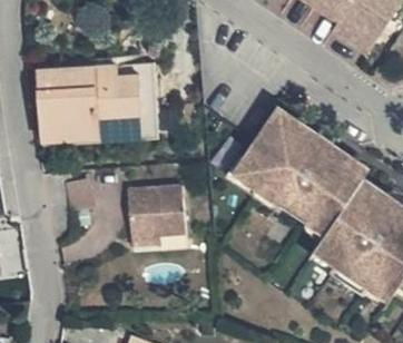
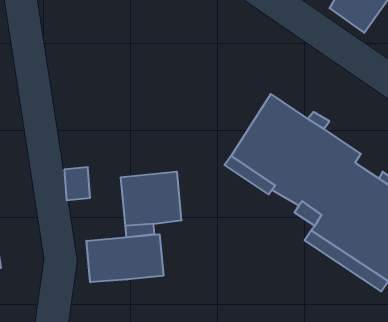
building: [49,59,176,143] -> none
building: none -> [86,234,163,282]

